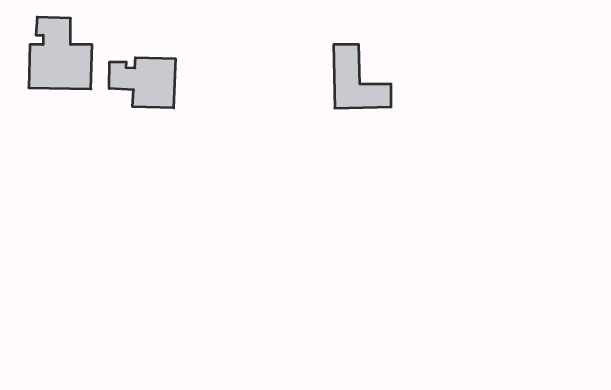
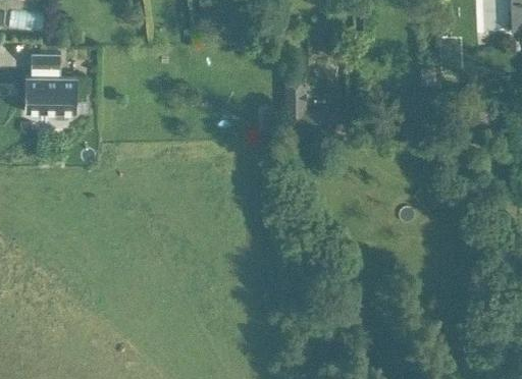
building: [109,58,175,108] -> none

